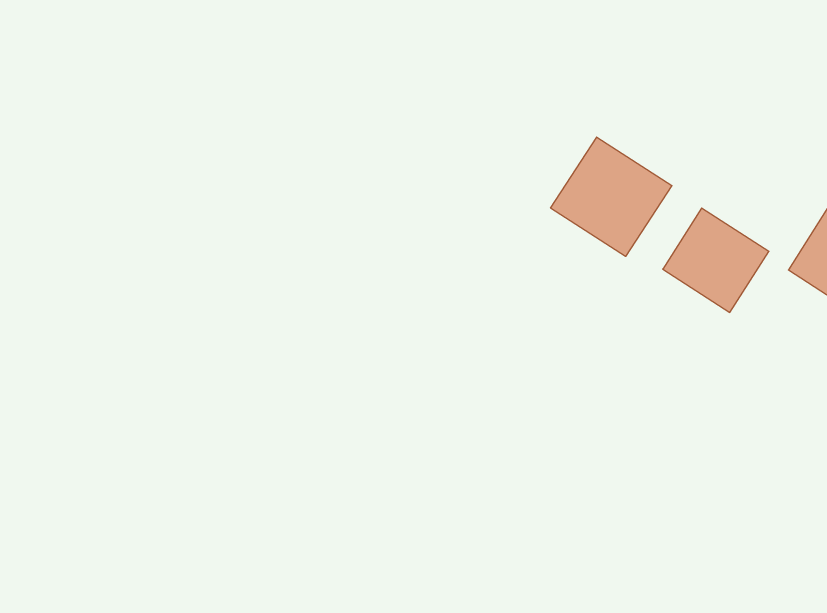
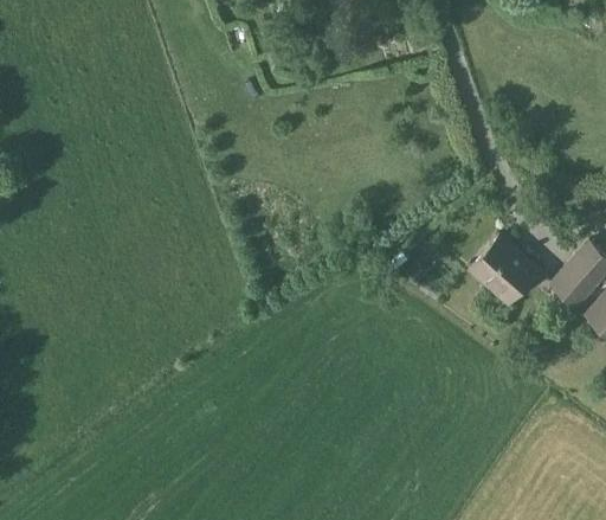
building: [551,137,672,256] -> none

